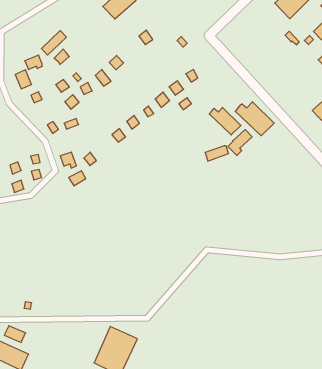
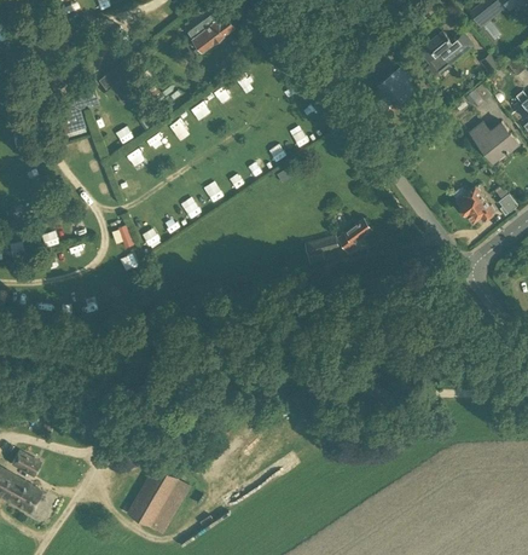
building: none -> [373,71,417,108]
building: [235,102,274,136] -> none
building: [209,107,241,135] -> none

